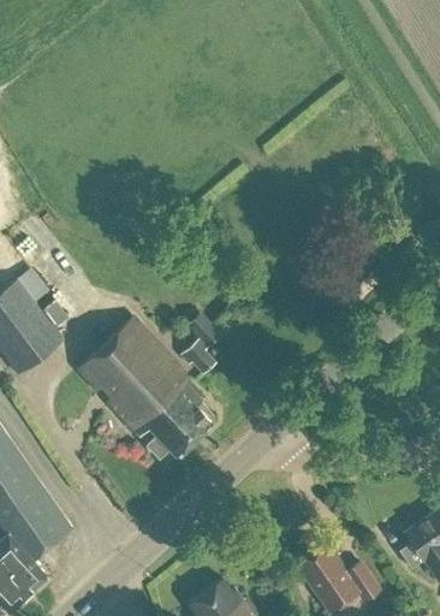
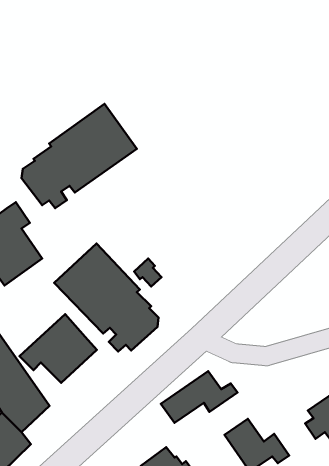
building: none -> [22,104,137,208]
building: none -> [19,314,97,383]
building: none -> [161,371,237,423]

